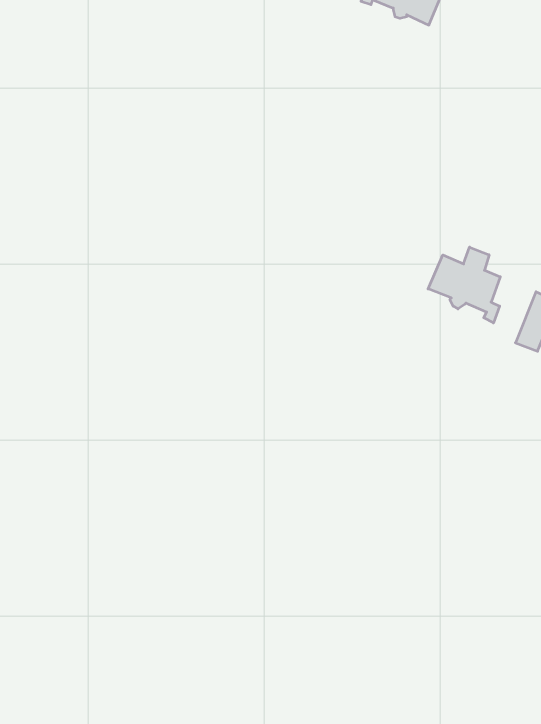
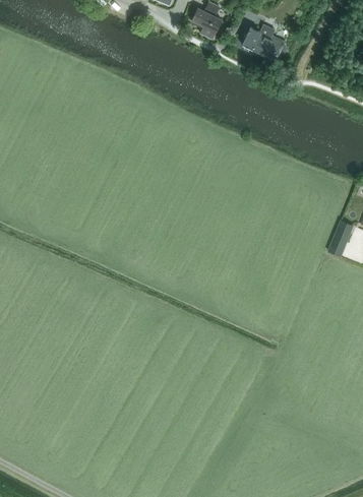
building: [428,247,500,323] -> none

